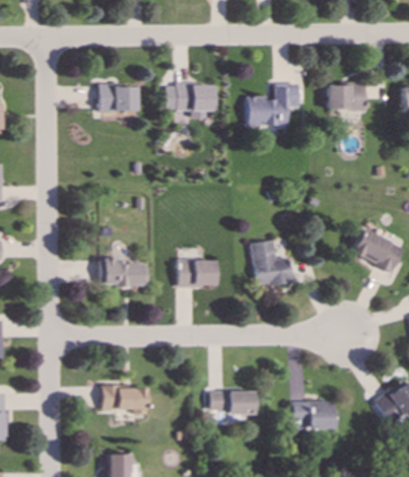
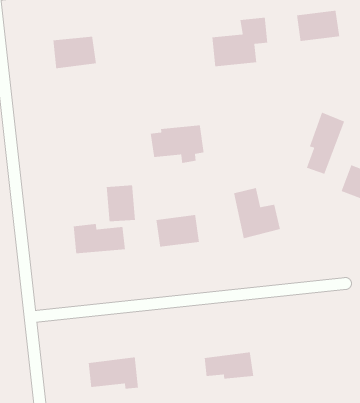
building: [165,83,214,118] -> [150,125,204,164]
building: none -> [306,111,345,175]
building: none -> [106,184,136,222]
building: [291,401,333,428] -> none

